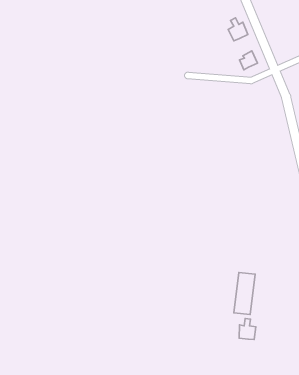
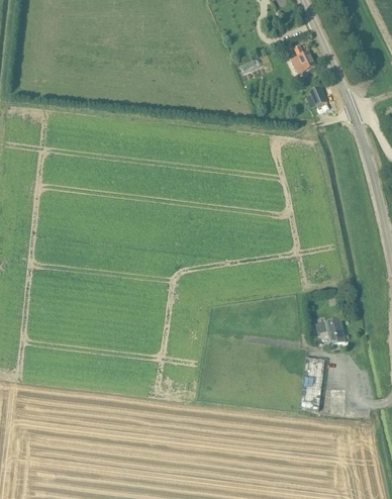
building: none -> [312,317,342,344]
building: [239,319,256,340] -> none

